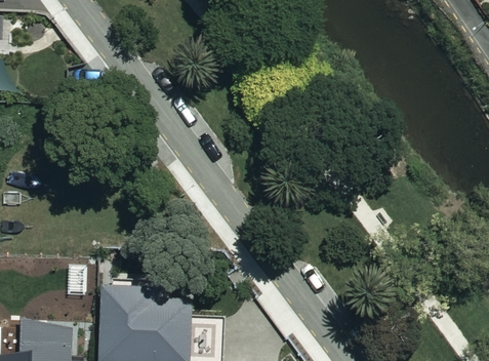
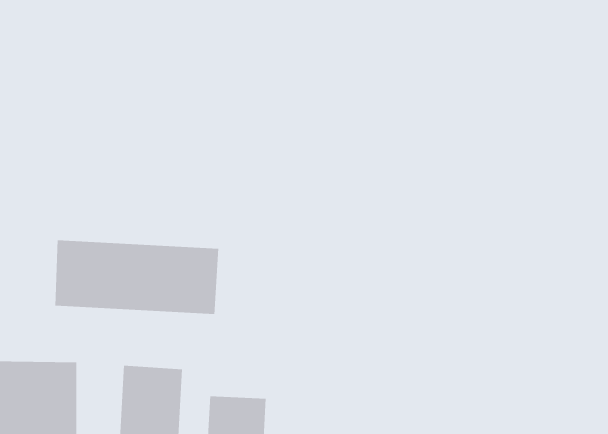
building: none -> [55,240,219,315]

